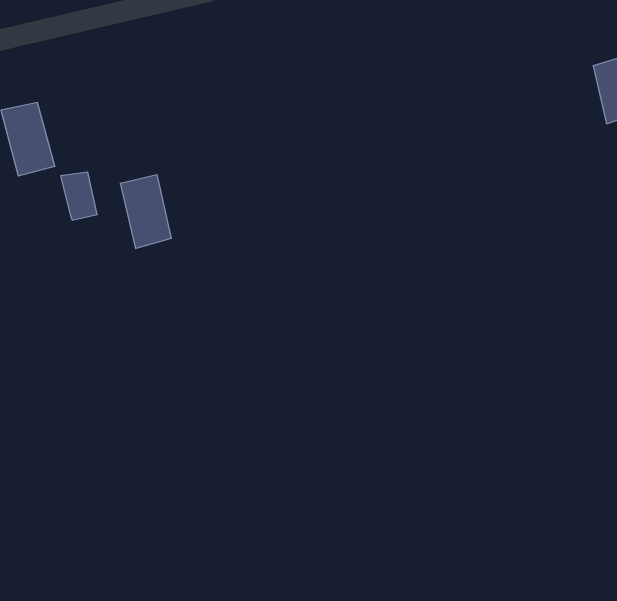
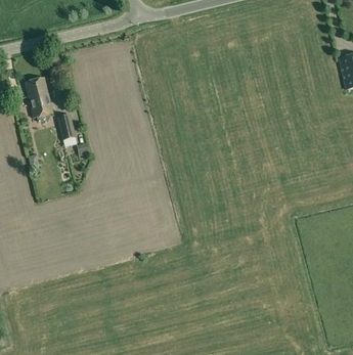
building: [121,175,171,249] -> none

